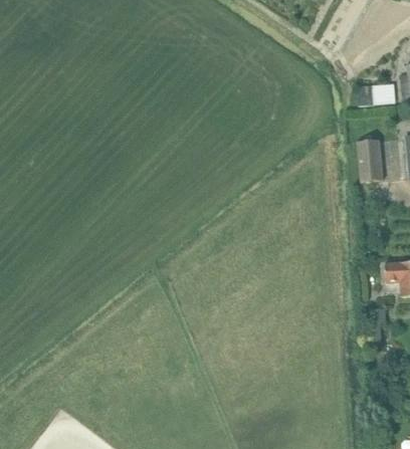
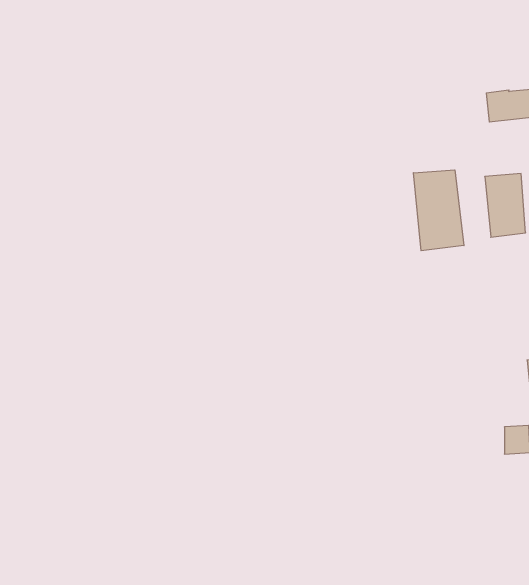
building: none -> [413,170,464,251]

